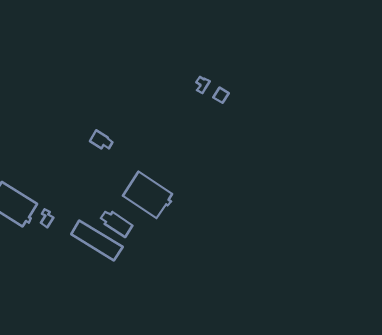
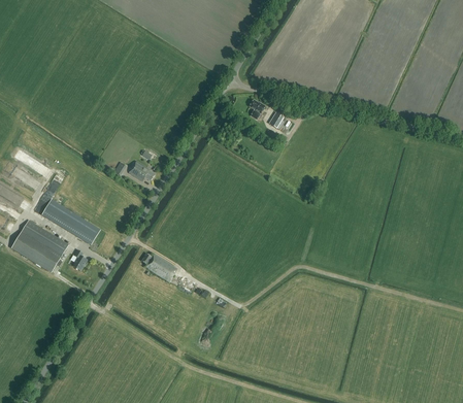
building: [123,172,172,218] -> none
building: [71,221,123,260] -> [40,199,99,244]

